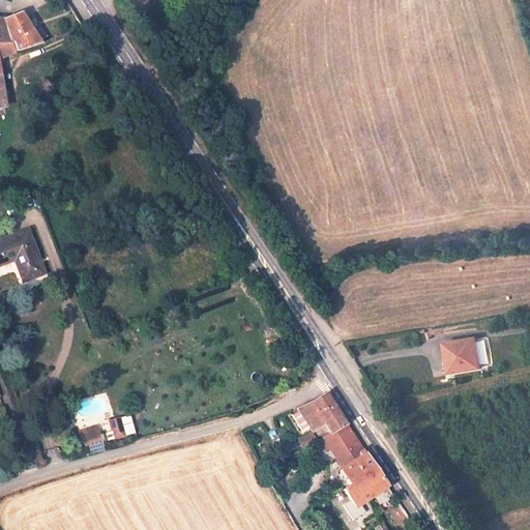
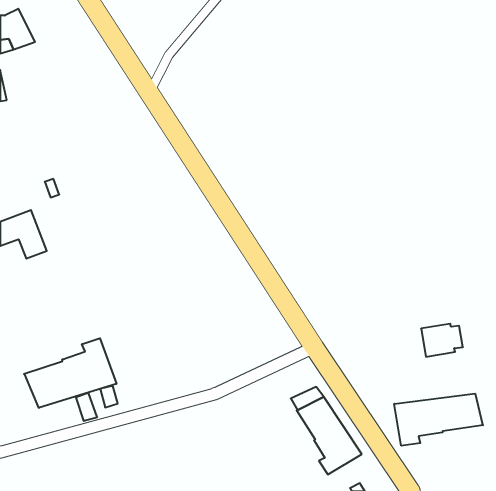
building: none -> [24,338,116,408]
building: [294,392,337,426] -> none
building: none -> [394,394,483,446]

